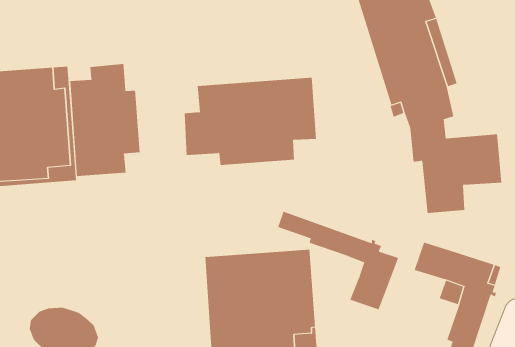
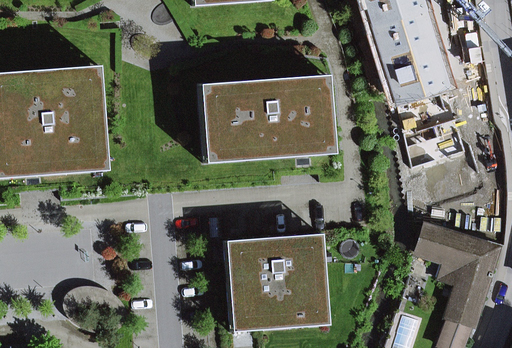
building: [70,63,140,177] -> none
building: none -> [198,74,333,162]
building: [278,211,399,310] -> none

